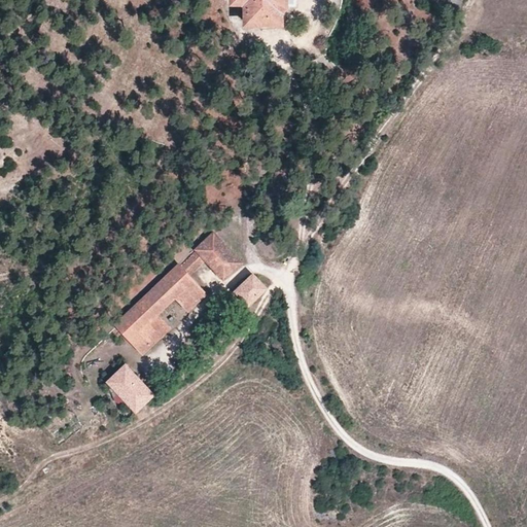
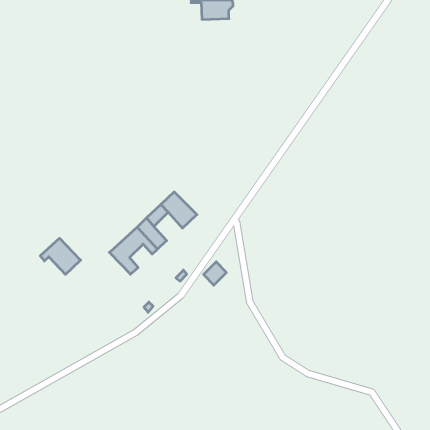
building: [236,276,264,305] -> [204,262,226,285]
building: [110,309,160,353] -> [40,238,81,274]
building: [108,366,152,411] -> none

